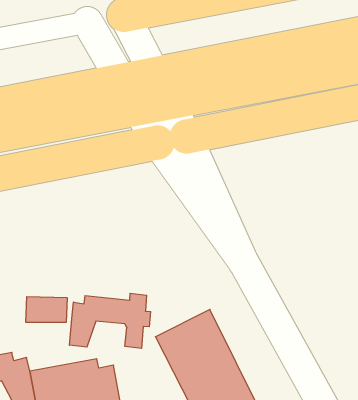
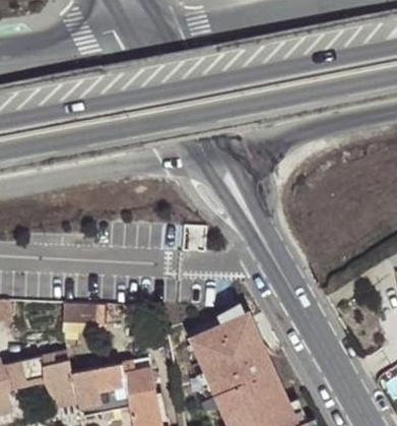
building: [69,293,151,348] -> none

